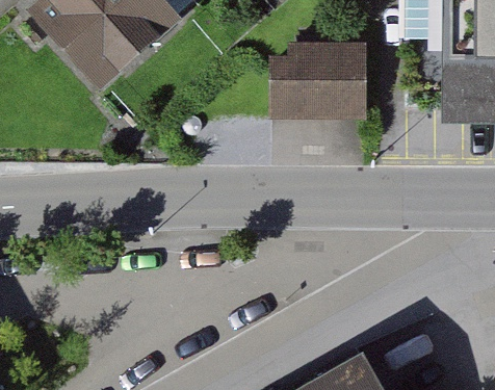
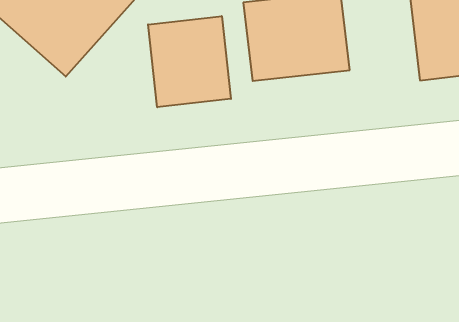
building: none -> [148,16,231,107]

